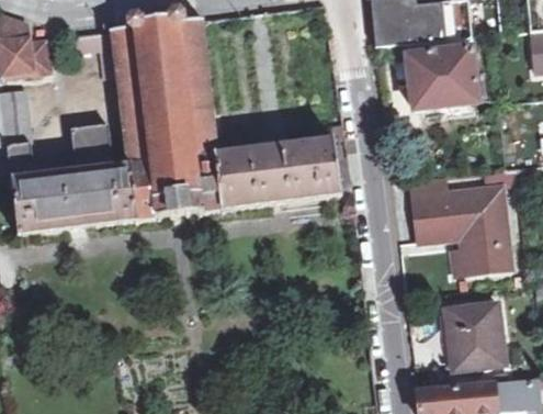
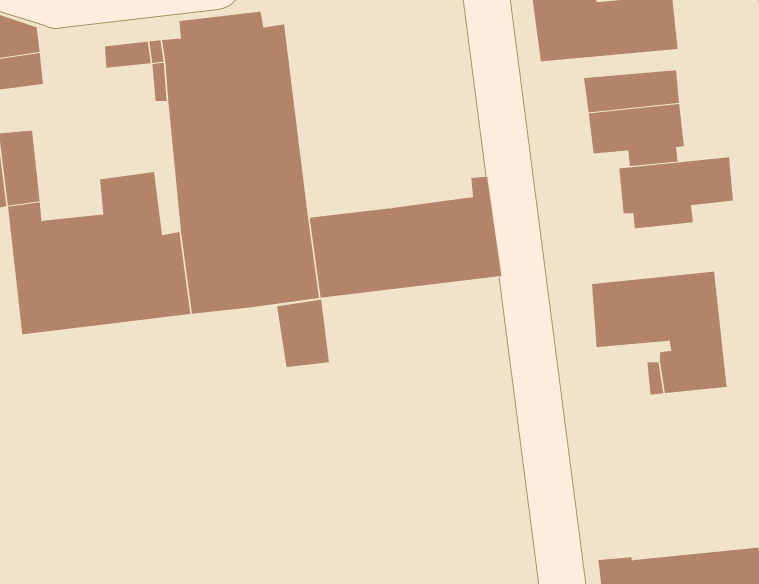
building: none -> [619,157,733,229]
building: none -> [277,299,330,368]
building: [446,301,506,367] -> none

